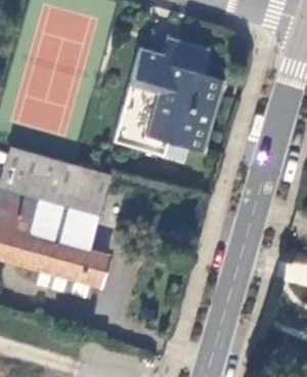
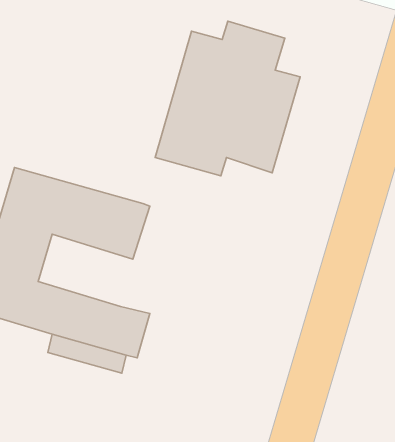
building: [30,198,99,251] -> none

